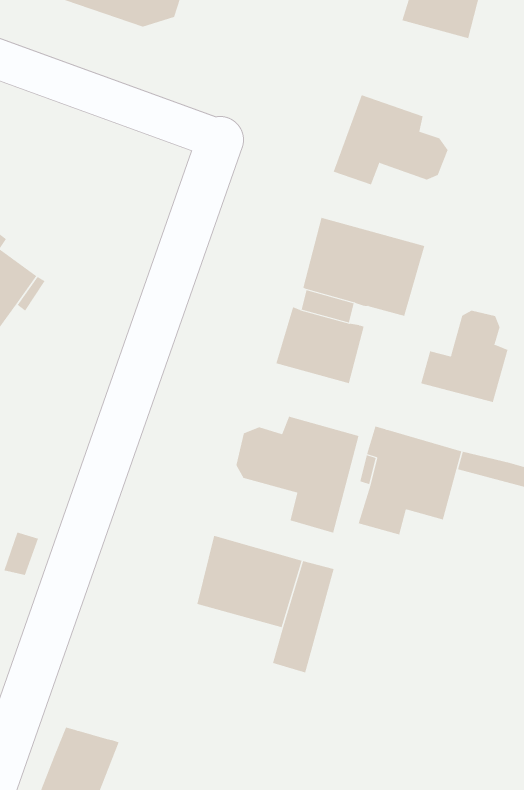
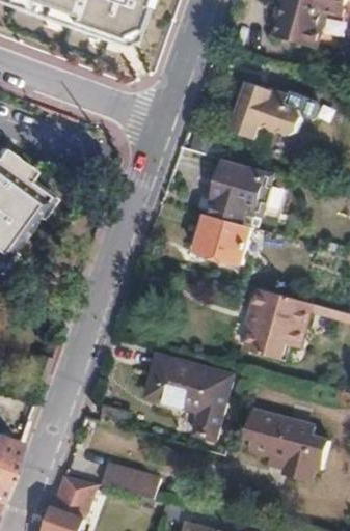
building: [420,310,508,403] -> none
building: [236,416,359,533] -> none
building: none -> [241,407,328,482]
building: none -> [102,460,161,497]

